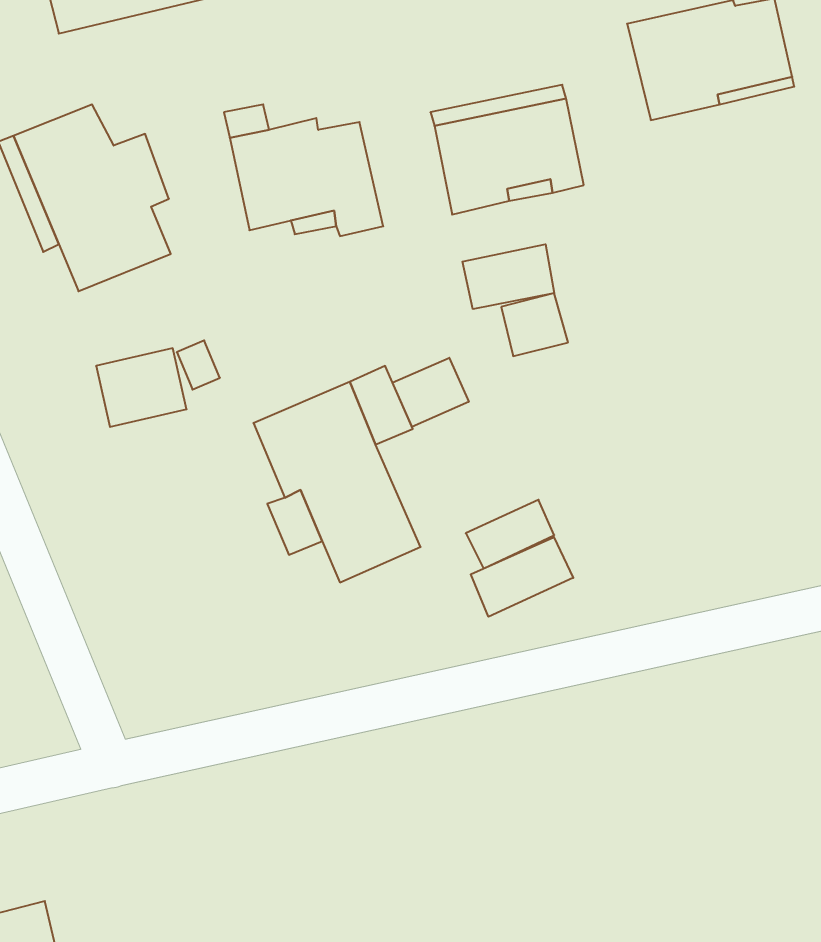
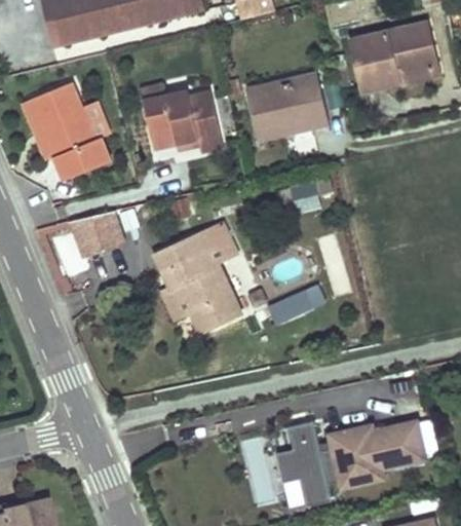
building: [462,244,554,309] -> none
building: [392,358,469,427] -> none
building: [471,537,573,617] -> none
building: none -> [285,419,422,505]

